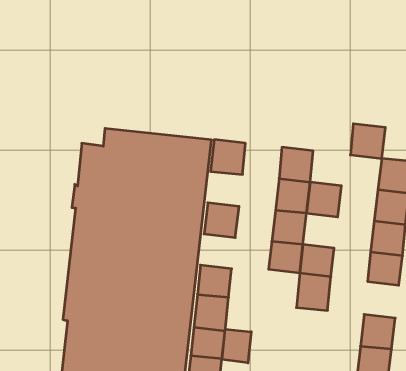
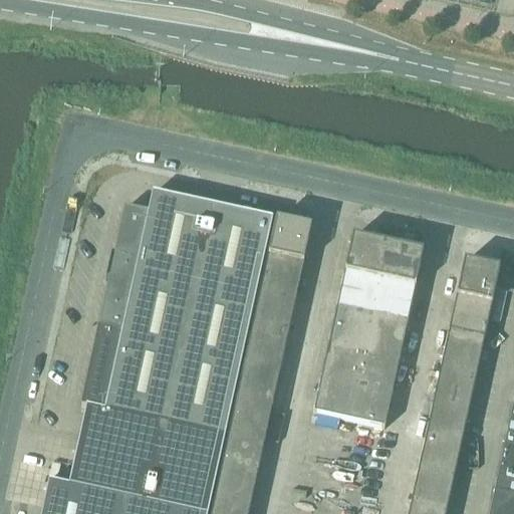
building: [350,124,385,159] -> [381,239,425,282]
building: none -> [262,250,305,293]
building: none -> [365,309,409,352]
building: none -> [246,320,289,363]
building: none -> [315,368,358,416]
building: none -> [427,395,470,440]
building: [222,329,251,363] -> none

